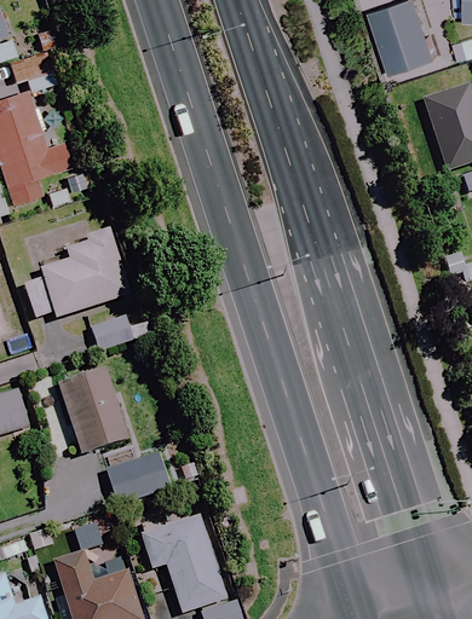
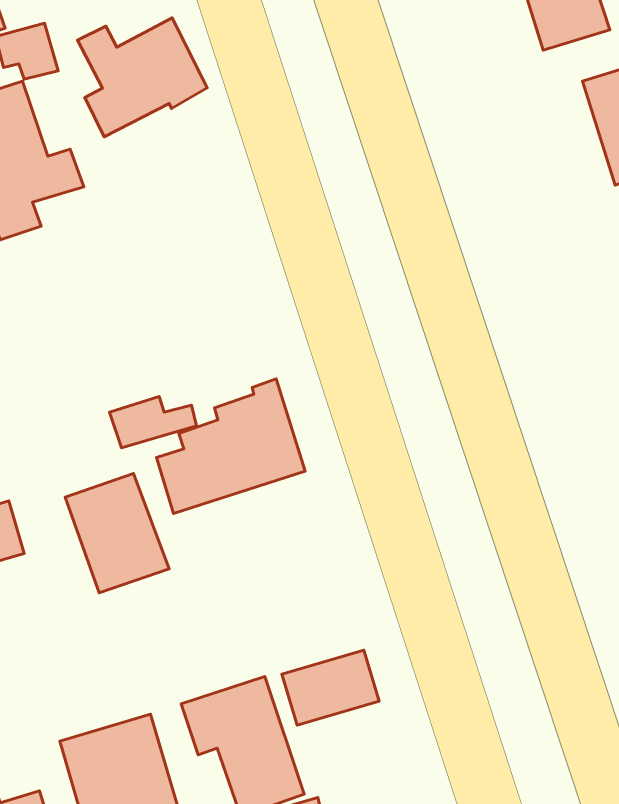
building: none -> [78,18,207,137]
building: [25,228,131,324] -> [157,379,305,514]
building: [105,450,174,503] -> [282,650,379,725]

